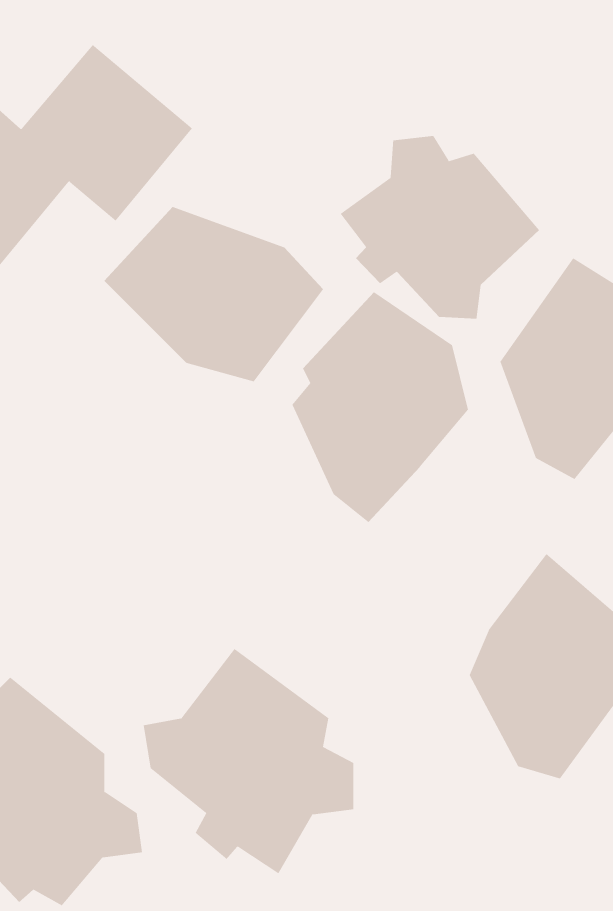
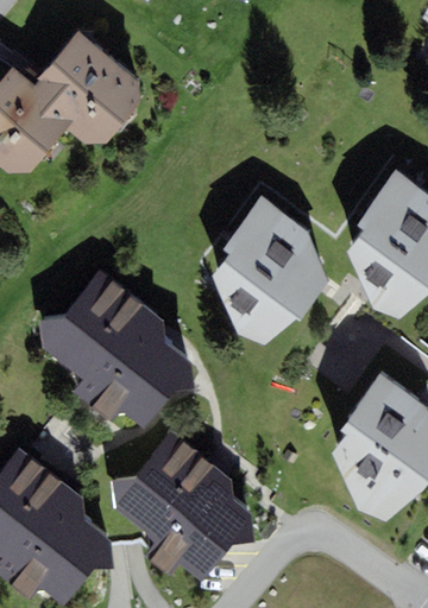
building: [340,135,540,319] -> none
building: [103,206,324,382] -> none
building: none -> [39,272,190,423]

